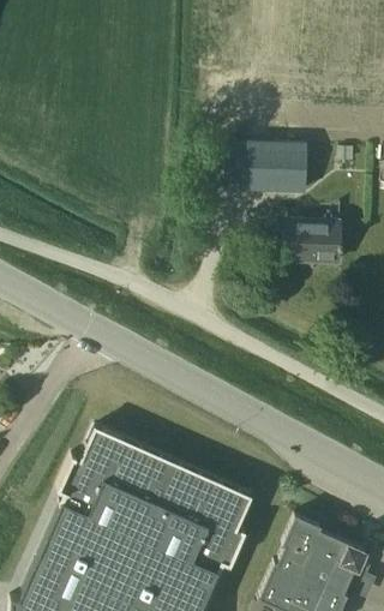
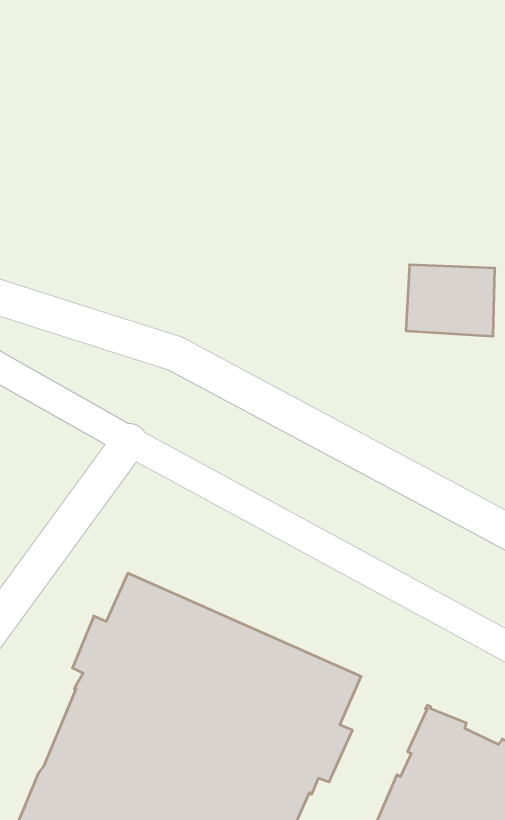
building: [223,143,307,194] -> none

